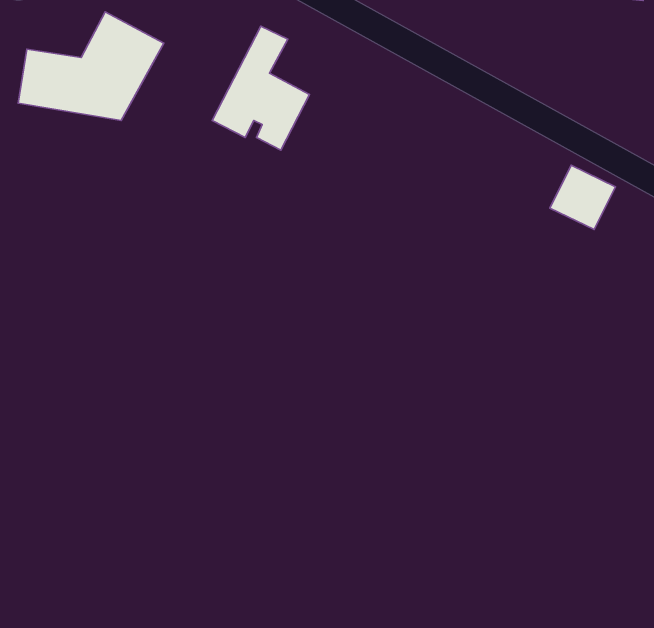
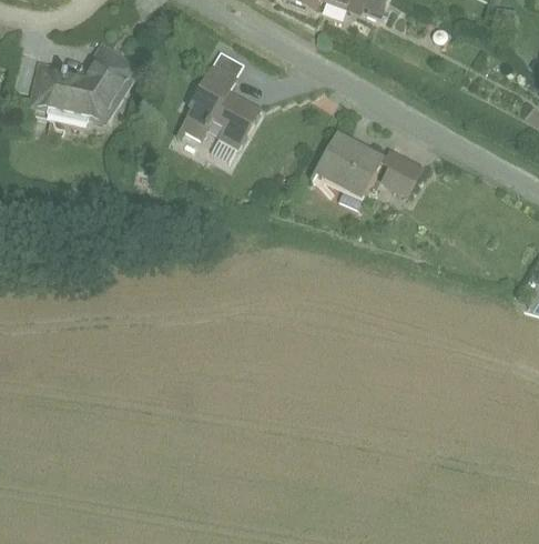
building: none -> [312,129,383,198]
building: [550,165,615,229] -> [376,147,427,197]

